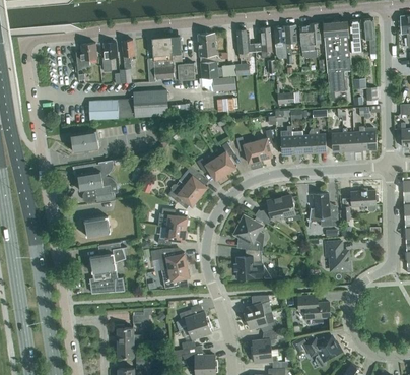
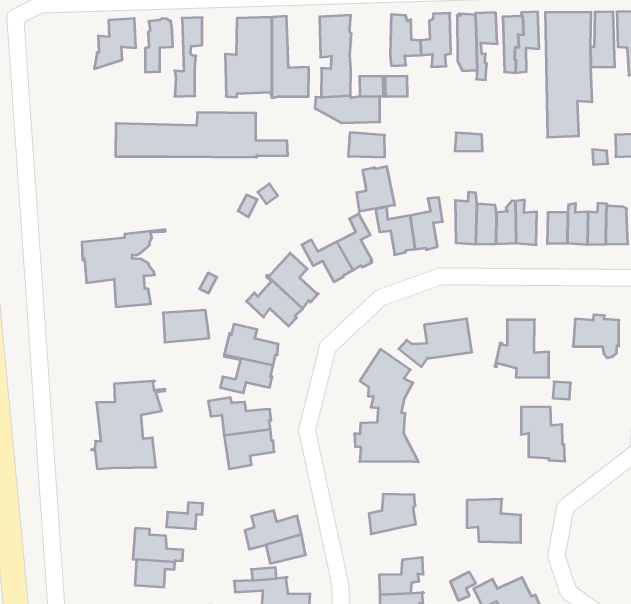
building: none -> [357,166,395,212]
building: [70,131,99,154] -> none
building: [84,217,111,237] -> [163,310,209,342]
building: [247,312,276,332] -> none

